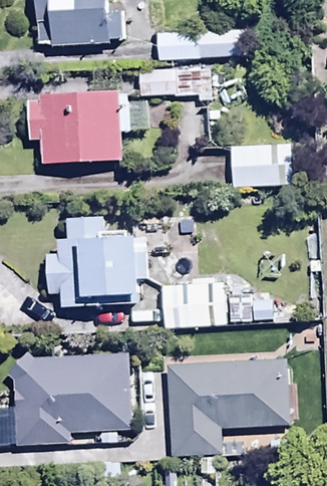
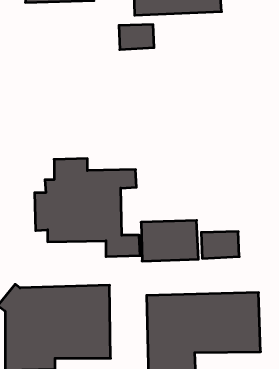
building: [26,91,147,164] -> none
building: [221,144,291,186] -> none

